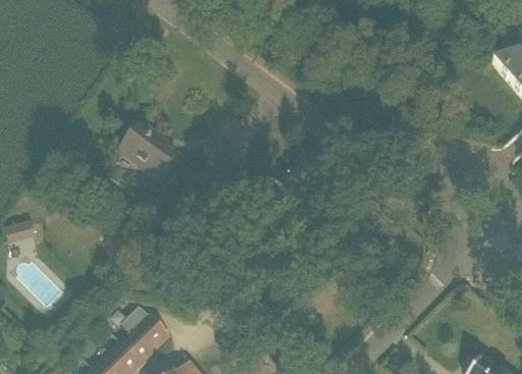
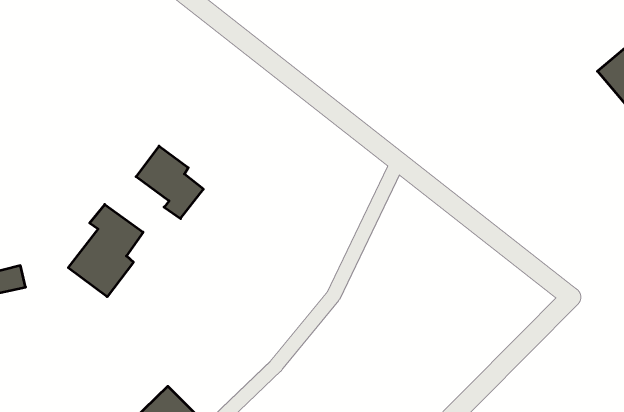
building: none -> [68,204,143,297]

